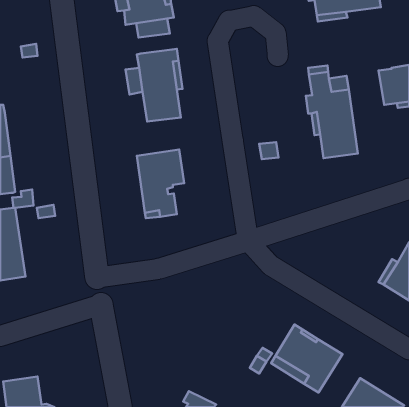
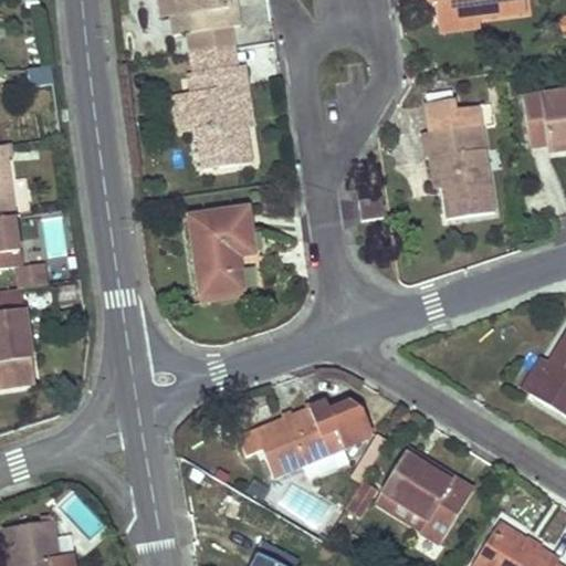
building: none -> [191,46,238,74]
building: none -> [239,401,371,476]

